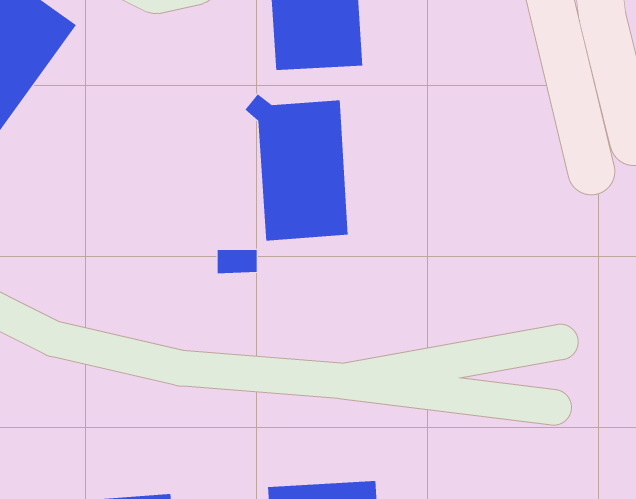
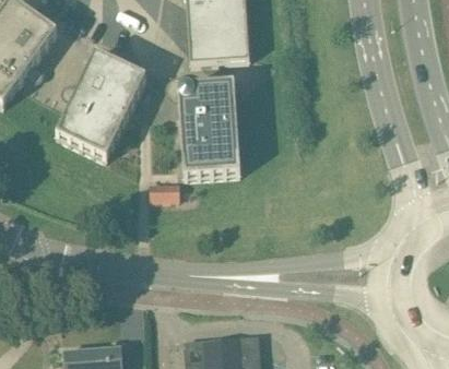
building: none -> [56,52,145,158]

